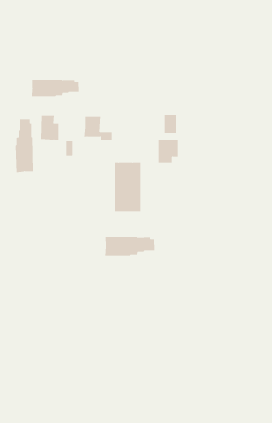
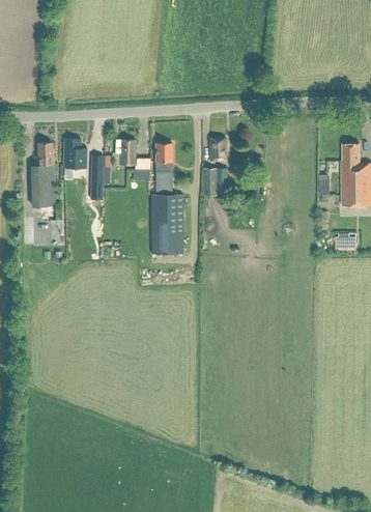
building: [31,79,79,97] -> none
building: none -> [155,143,173,190]
building: [105,236,155,256] -> none

